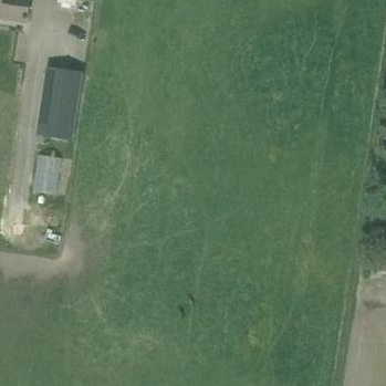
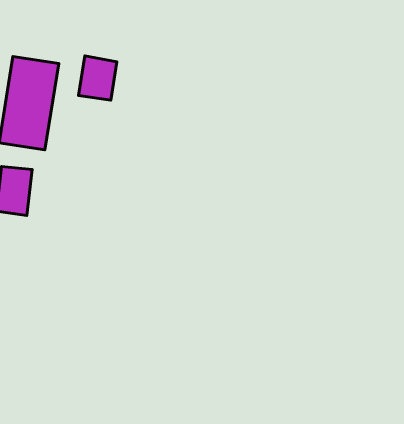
building: none -> [78,56,117,100]

